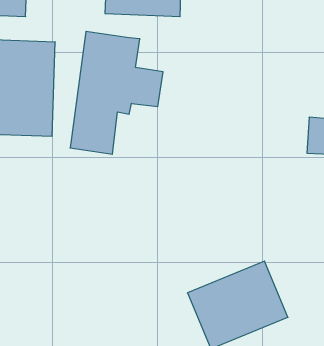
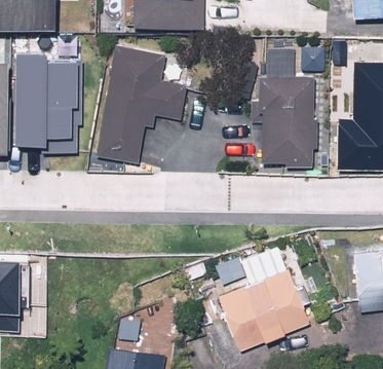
building: none -> [256,40,317,165]

